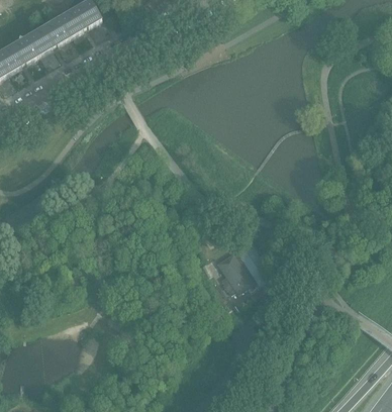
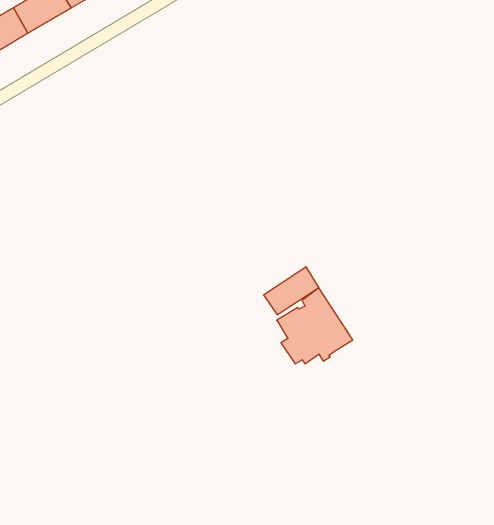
building: none -> [264,267,319,315]

